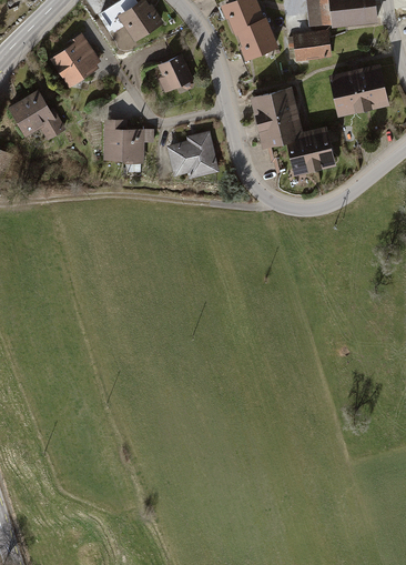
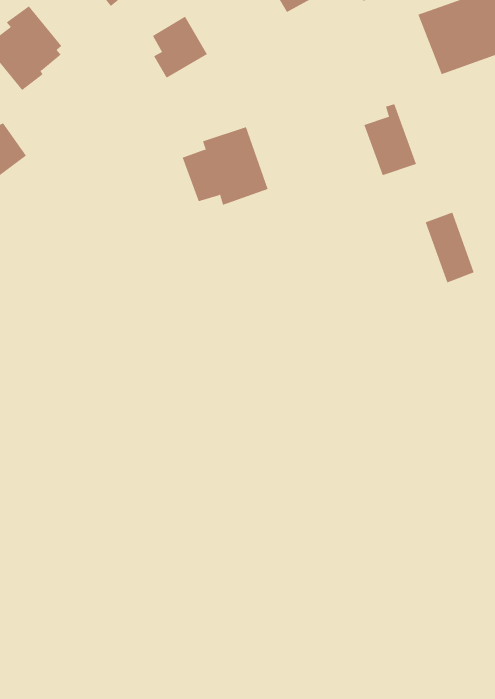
building: [248,88,302,147] -> none
building: [102,118,152,163] -> none
building: [307,125,335,171] -> [425,212,475,283]

